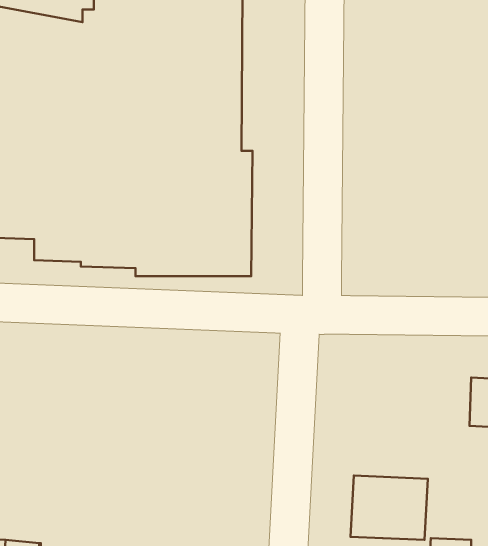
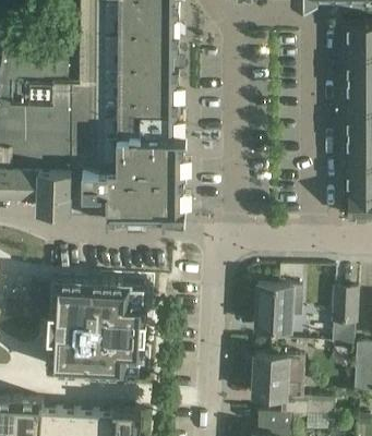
building: none -> [47,280,145,375]
building: none -> [255,286,302,331]

